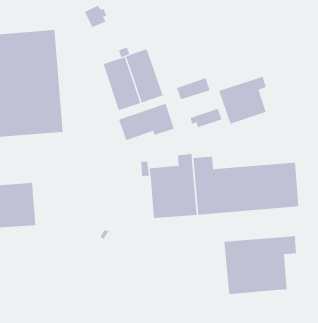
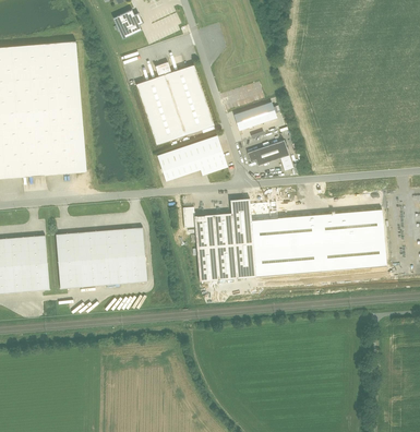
building: [219,76,267,125] -> none
building: none -> [57,228,148,289]
building: [224,235,296,295] -> none

